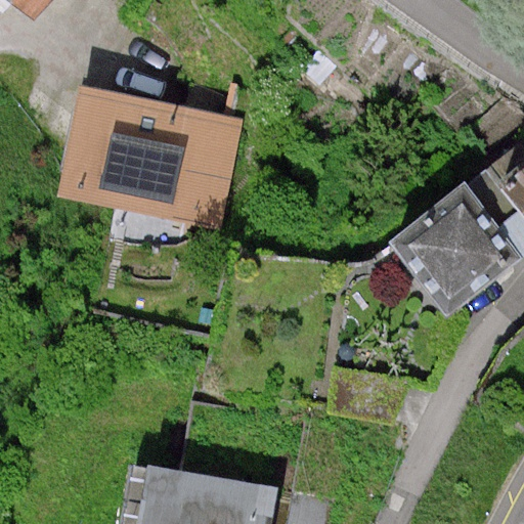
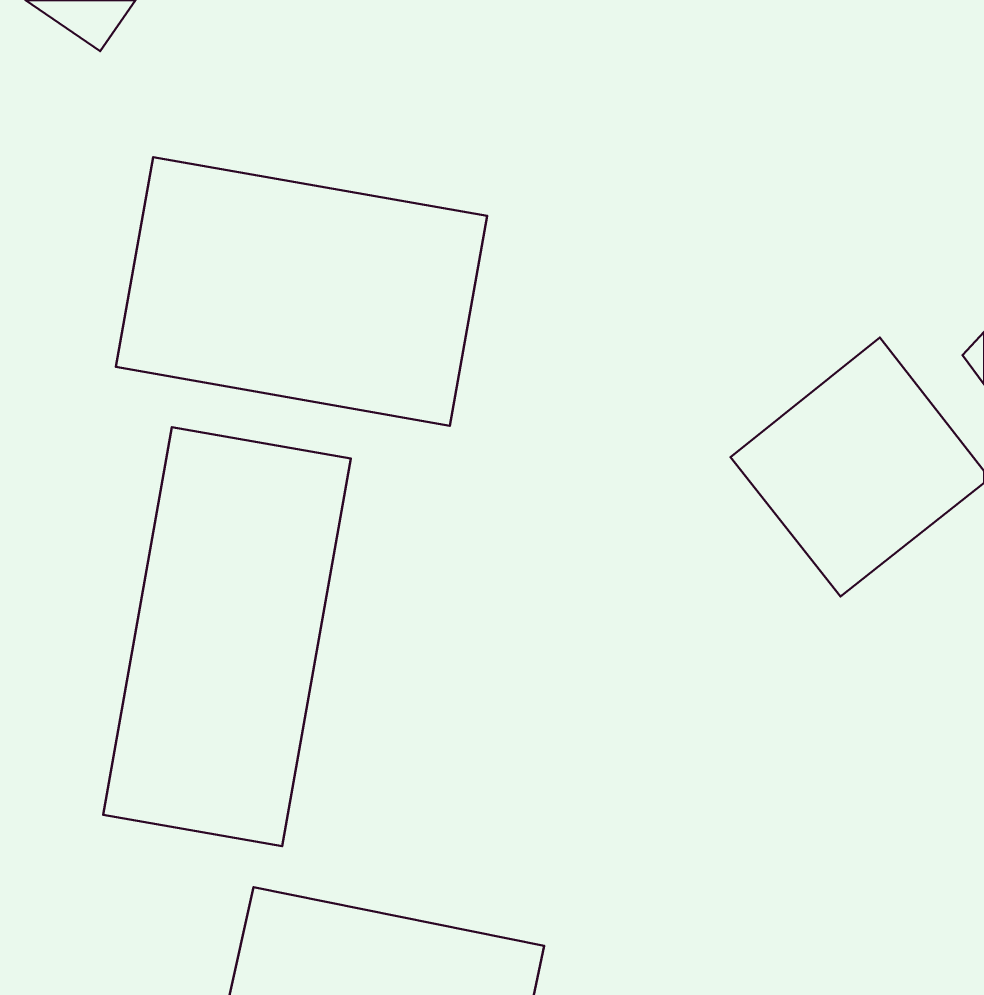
building: none -> [103,427,351,846]

